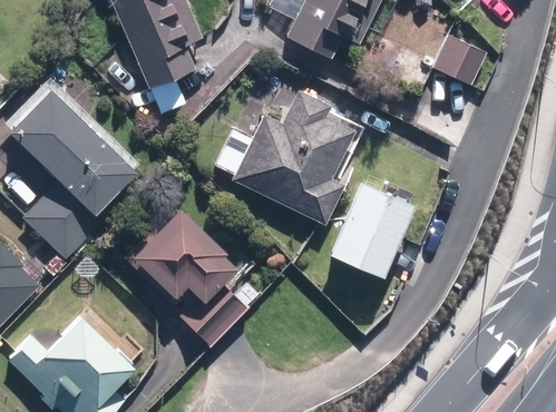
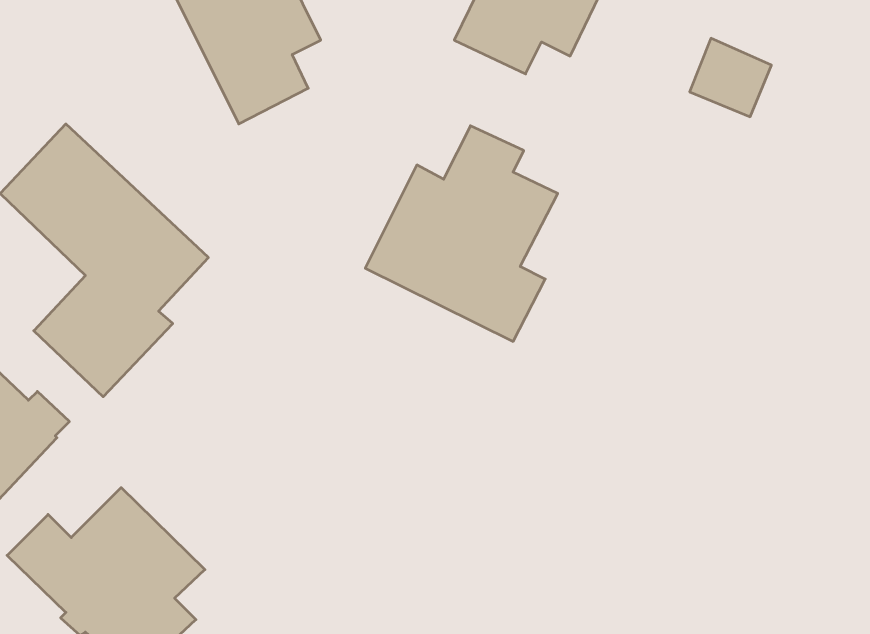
building: [326,183,410,278] -> none
building: [125,206,246,345] -> none

